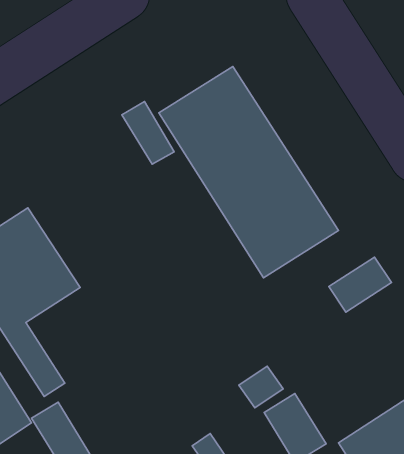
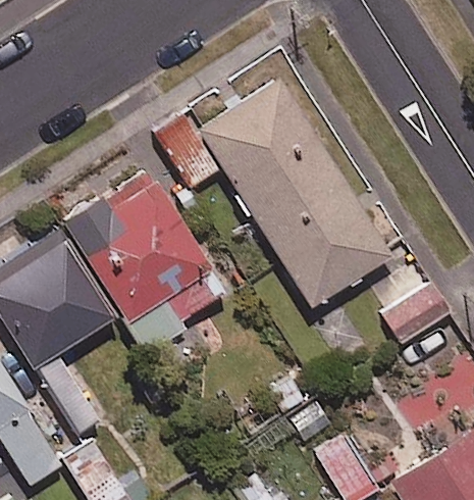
building: none -> [66,181,224,351]

